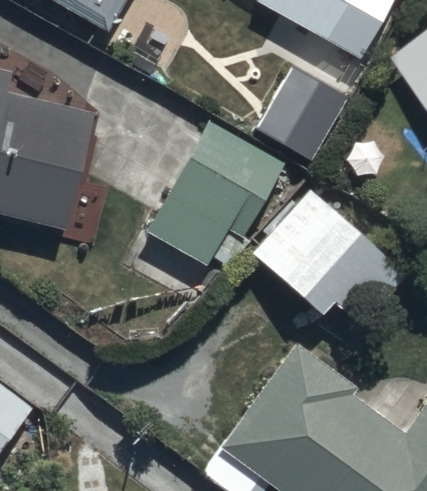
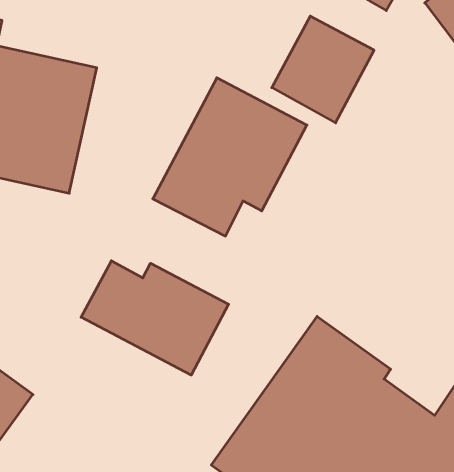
building: [251,189,410,328] -> none
building: none -> [81,261,229,375]

